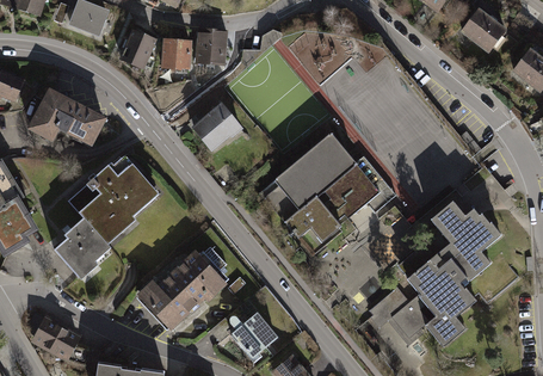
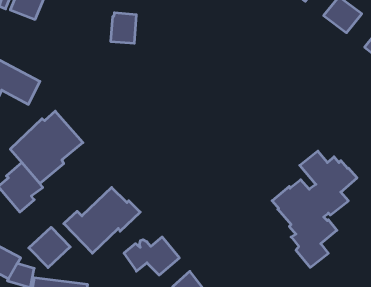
building: [116,30,155,72] -> none
building: [159,38,190,72] -> none
building: [189,103,241,153] -> none
building: [272,137,394,259] -> none
building: [369,288,428,341] -> none
building: none -> [29,227,70,268]

